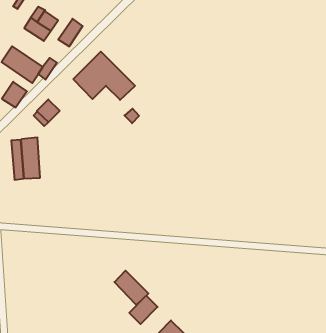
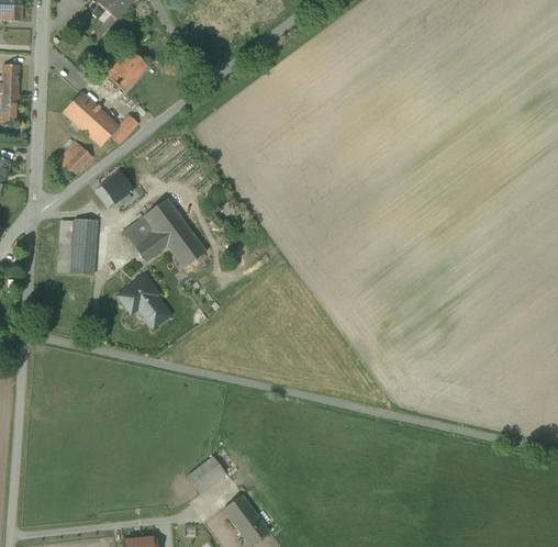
building: [58,19,83,47] -> none
building: [73,52,135,100] -> [124,198,207,267]
building: none -> [119,275,170,325]
building: [114,271,148,305] -> none

